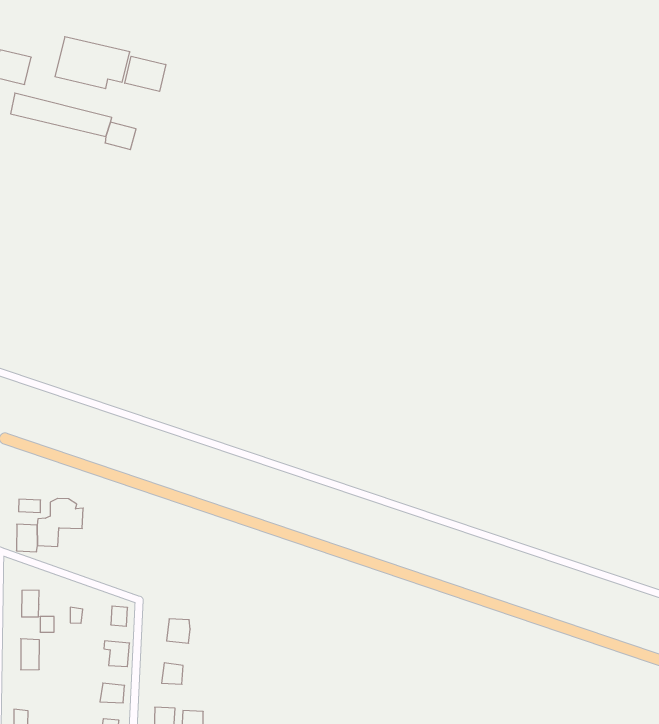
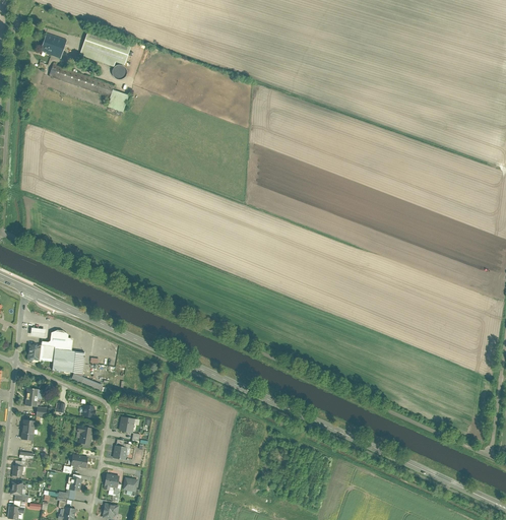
building: [125,56,166,91] -> none
building: none -> [51,349,83,375]

